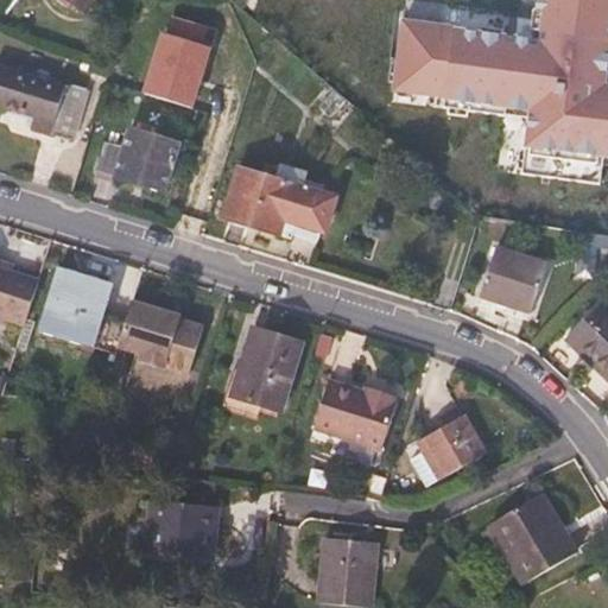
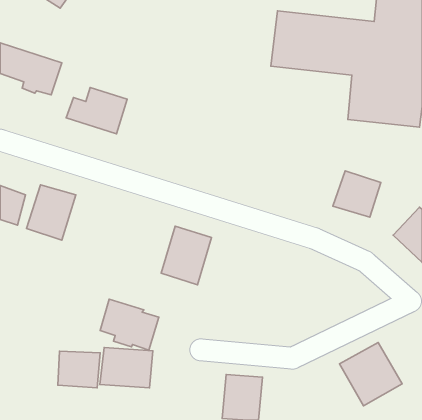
building: [142,30,210,104] -> none
building: [222,166,338,235] -> none
building: [115,299,200,373] -> [100,299,159,350]
building: [314,379,400,450] -> none
building: [416,425,469,481] -> none
building: none -> [58,351,100,388]

